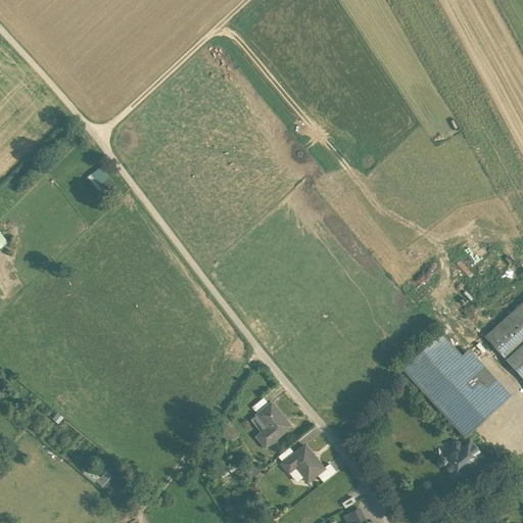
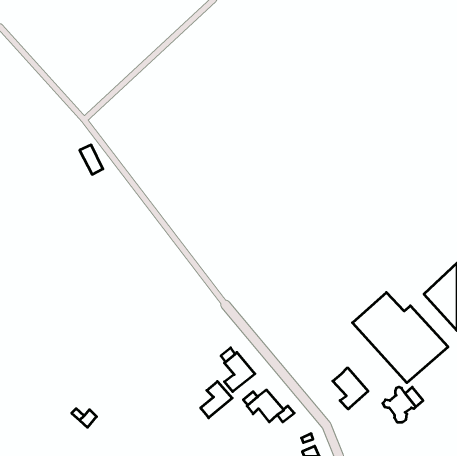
building: none -> [333,368,368,409]
building: none -> [201,381,232,418]

